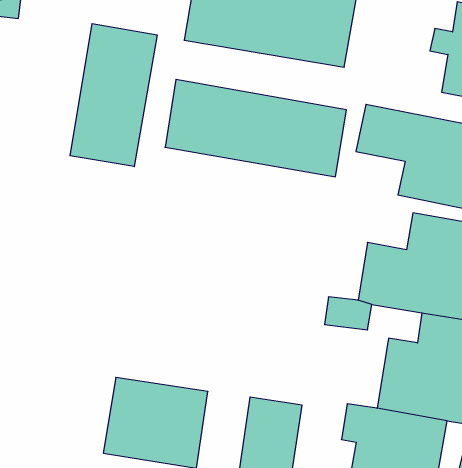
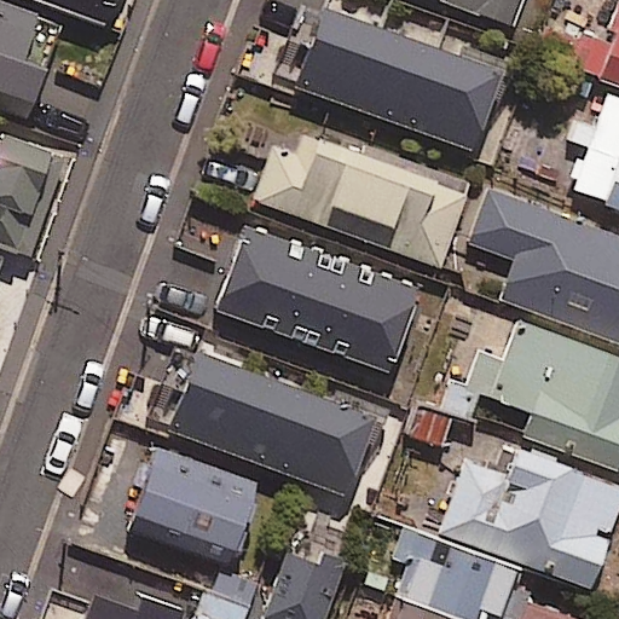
building: [70,24,157,167] -> none
building: none -> [212,225,411,377]
building: none -> [172,352,376,493]

